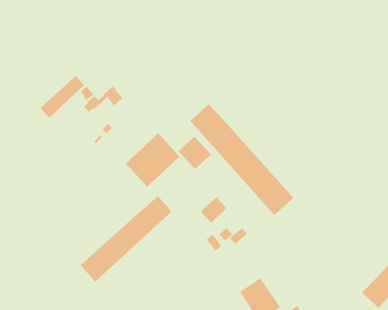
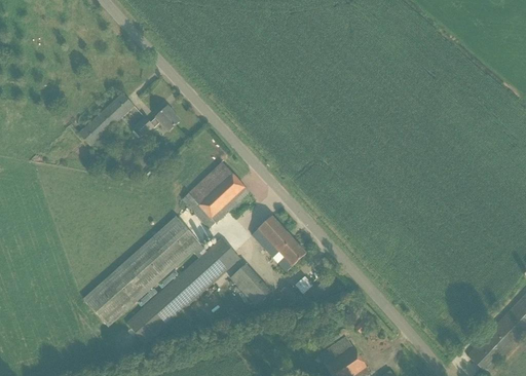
building: [190,103,294,216] -> none
building: [178,136,212,170] -> [252,215,293,256]
building: none -> [83,215,206,325]
building: none -> [230,262,270,304]

